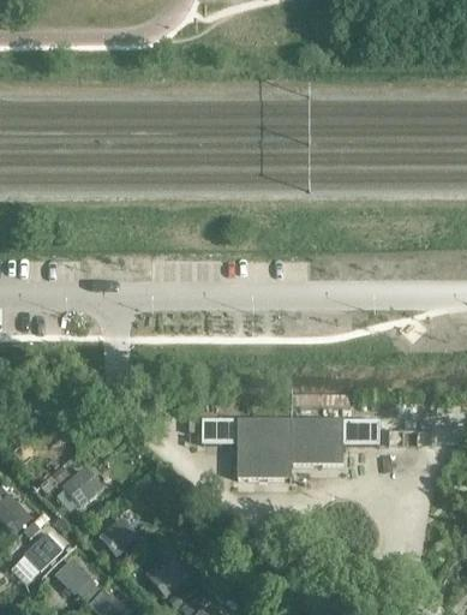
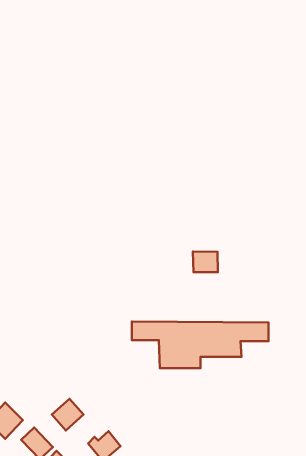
building: none -> [193,252,218,272]
building: [60,466,103,508] -> none

